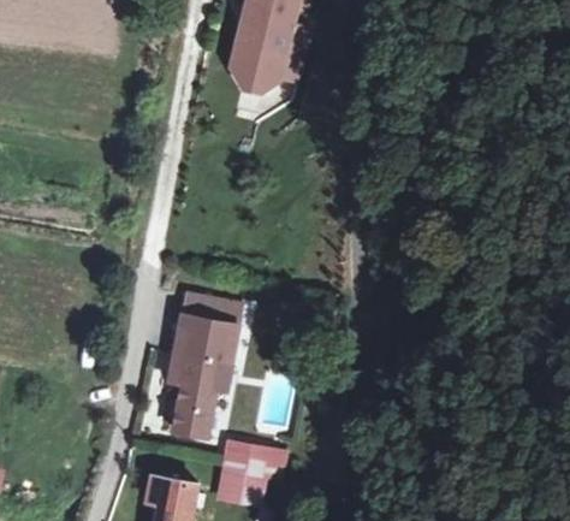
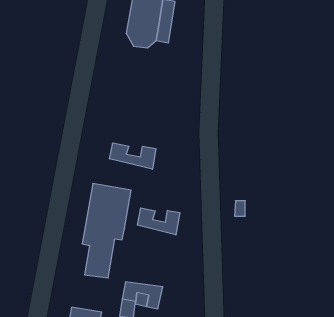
building: none -> [110,143,156,169]
building: none -> [137,208,180,235]

